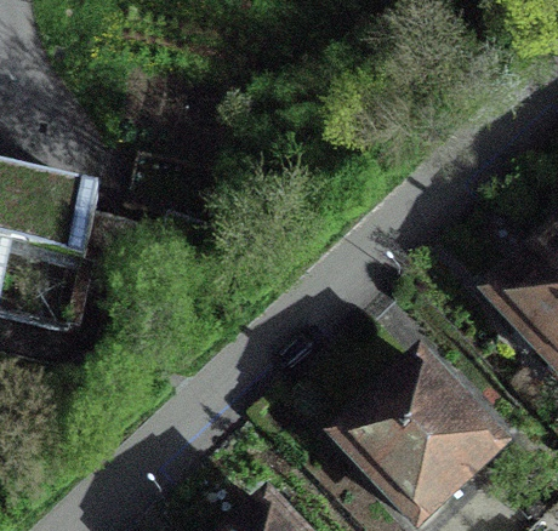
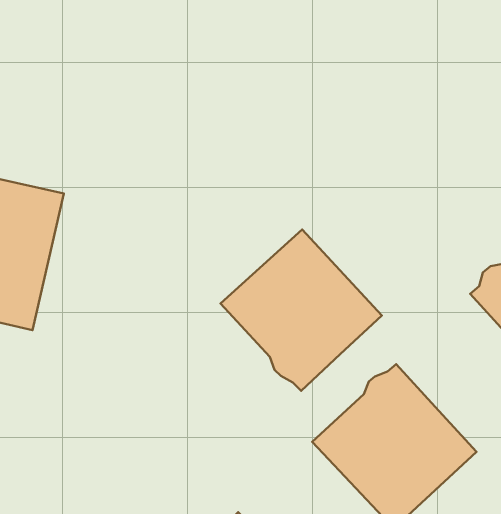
building: none -> [221,229,382,391]

